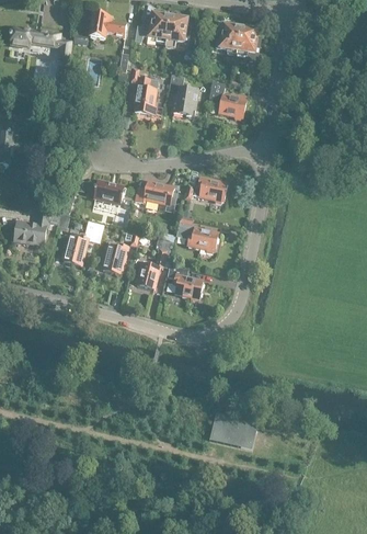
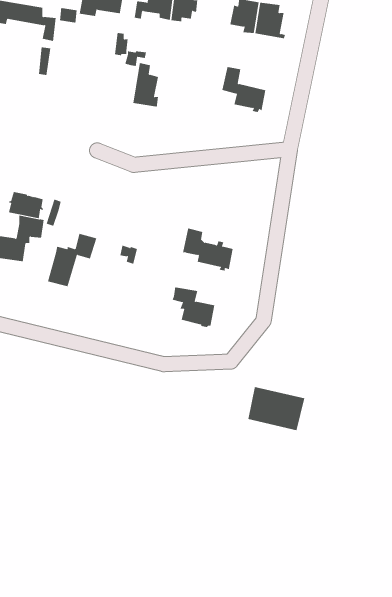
building: [168,75,197,115] -> none
building: [184,178,227,203] -> none
building: [93,181,123,204] -> [8,191,43,219]
building: [134,184,177,205] -> none
building: [135,239,173,288] -> none
building: [101,245,126,273] -> none
building: [209,412,257,450] -> [247,386,305,431]

